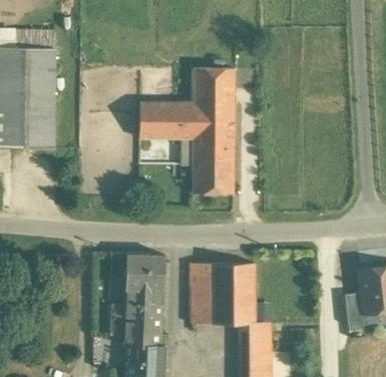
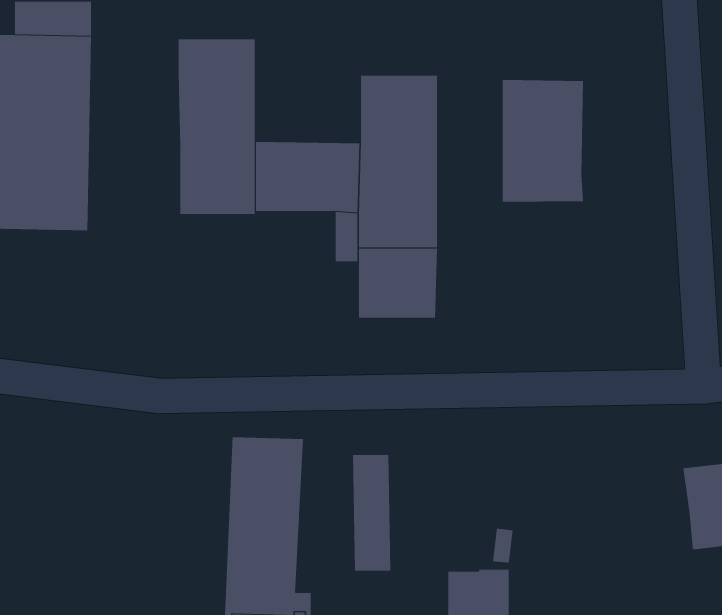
building: none -> [178,39,255,215]
building: none -> [502,79,583,202]
building: [209,264,255,324] -> none
building: [345,293,367,327] -> none

